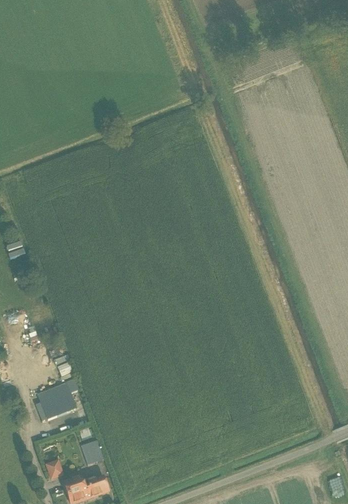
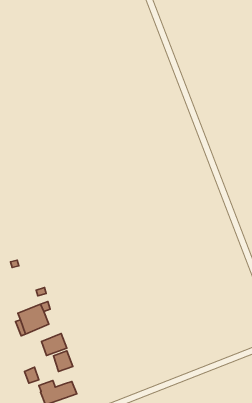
building: none -> [42,333,67,355]

